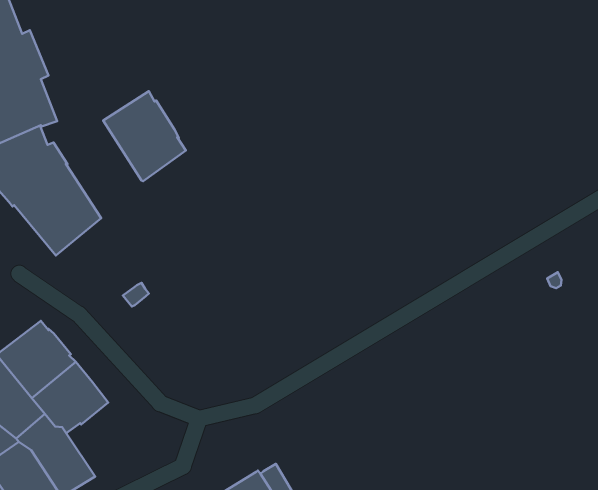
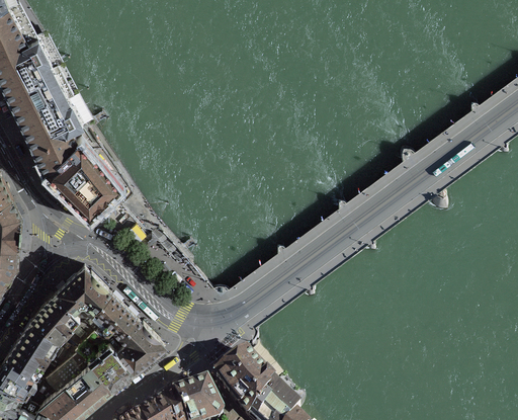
building: [103,91,186,181] -> none
building: none -> [106,316,161,368]

